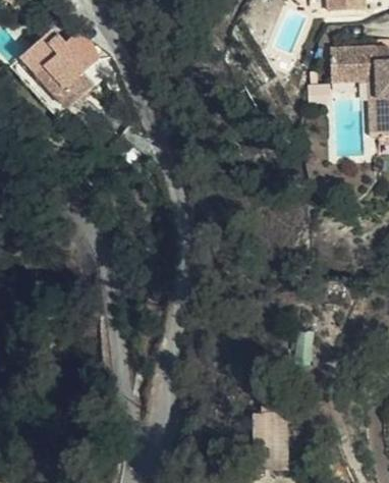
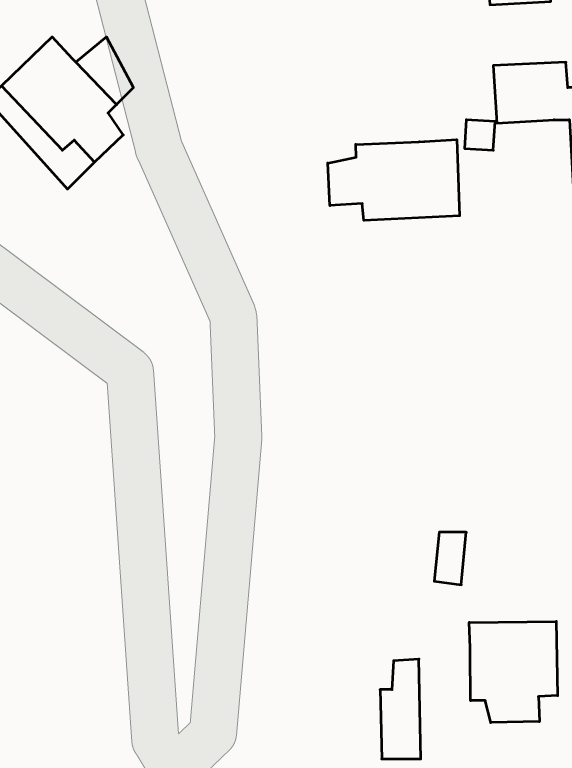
building: none -> [328,140,460,220]
building: none -> [469,621,558,723]

